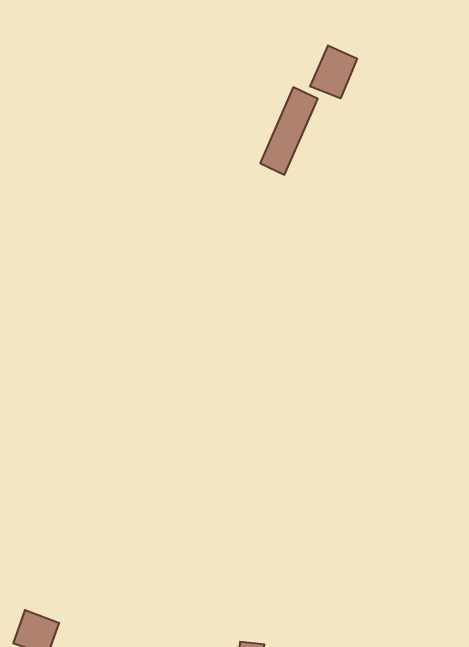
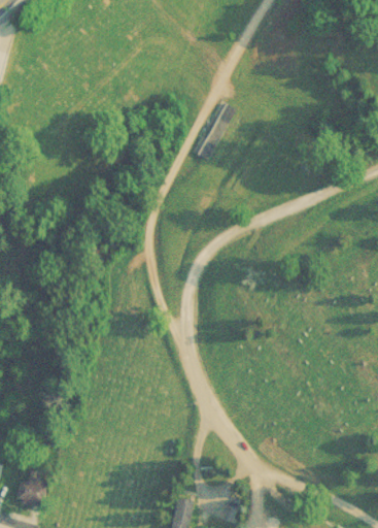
building: [310,45,357,98] -> none

